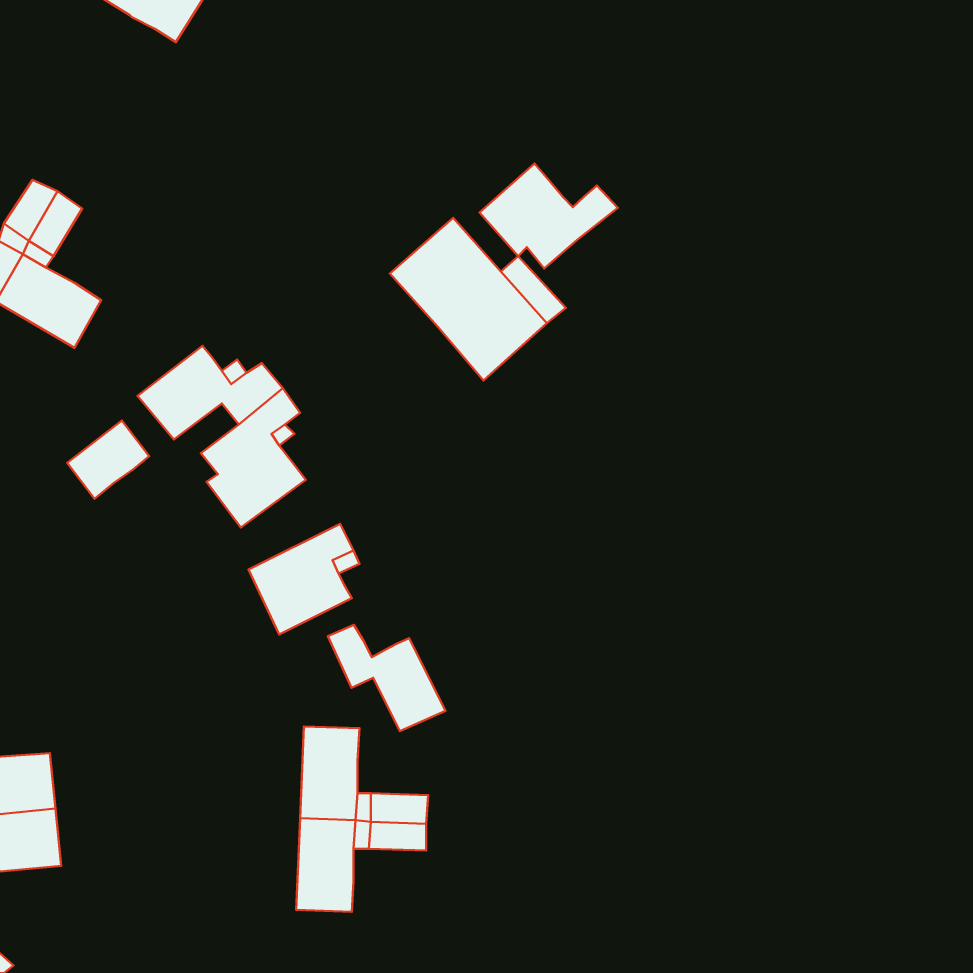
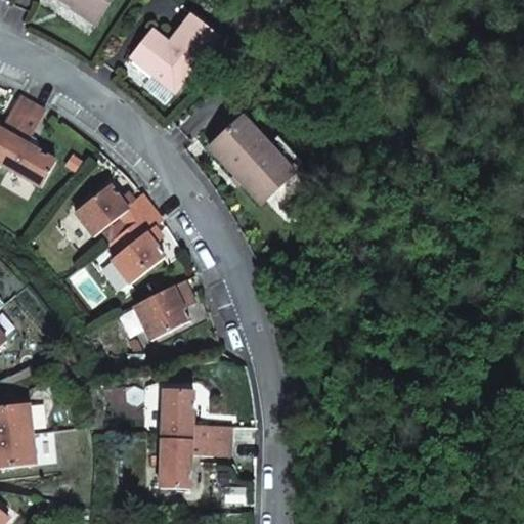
building: none -> [132,17,215,93]
building: [480,163,618,269] -> none
building: [67,420,149,499] -> none
building: [328,625,445,731] -> none

